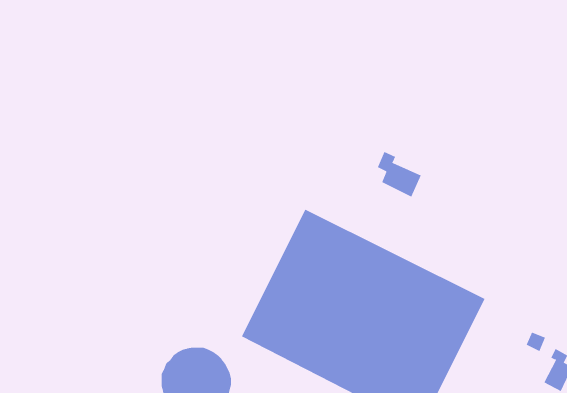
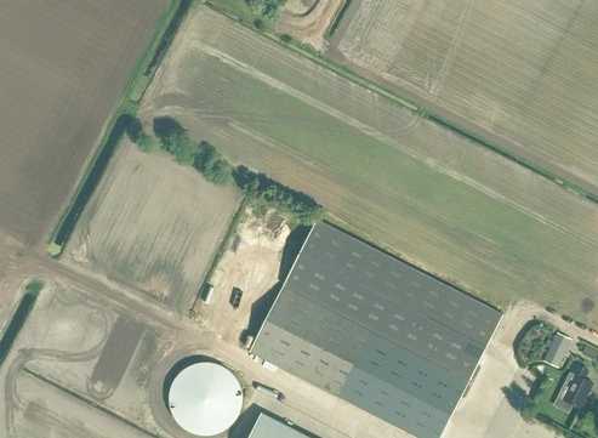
building: [377,151,421,198] -> none

